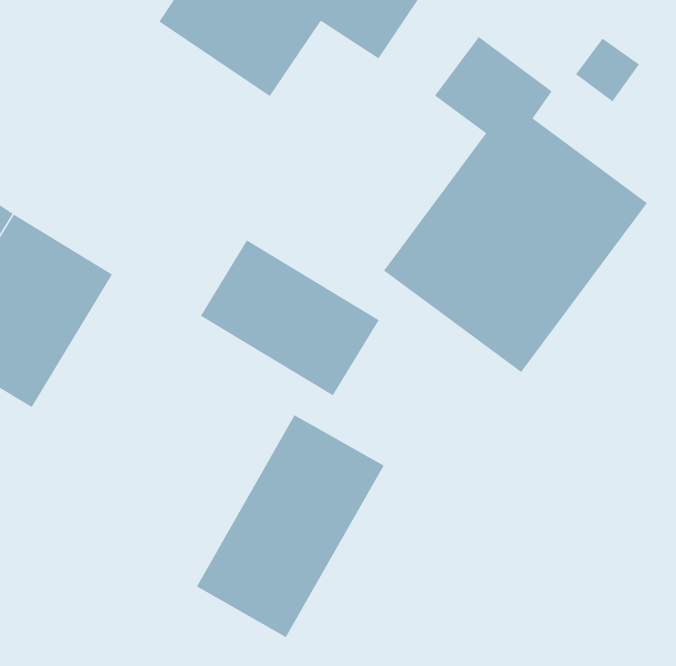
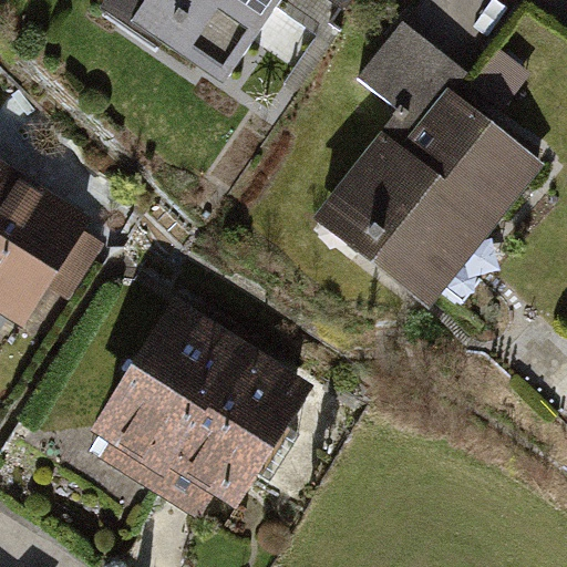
building: [200,239,379,396] -> none
building: none -> [90,300,243,483]

